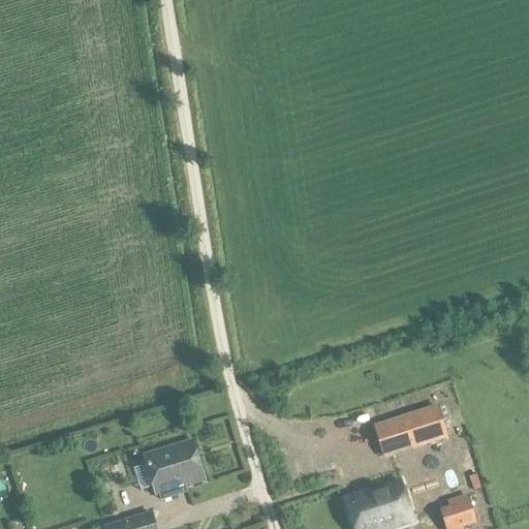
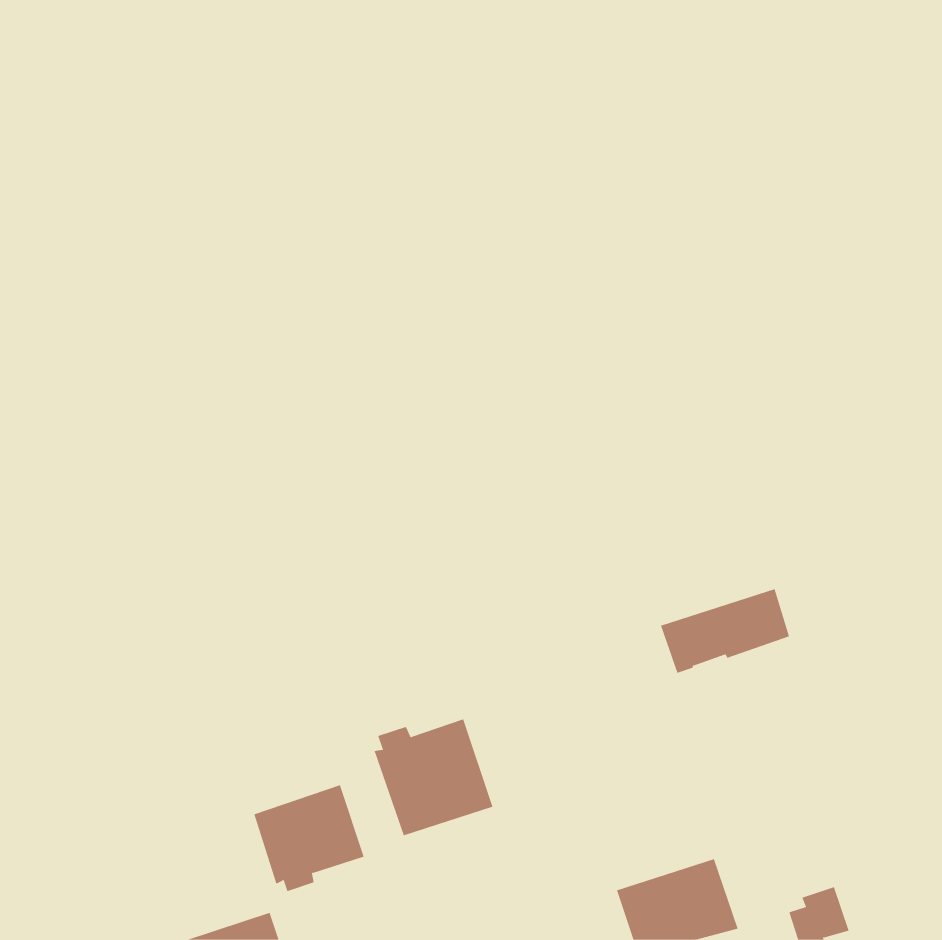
building: none -> [374,718,493,836]
building: [373,406,445,454] -> [660,588,790,673]

